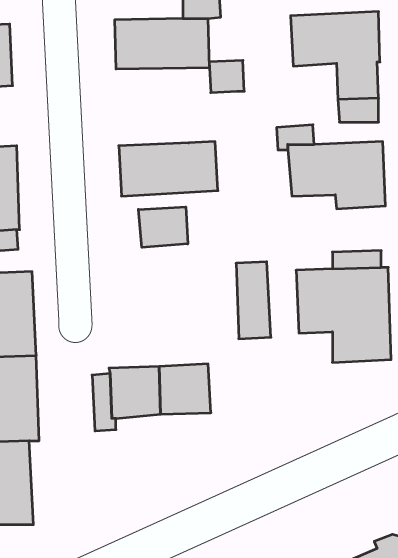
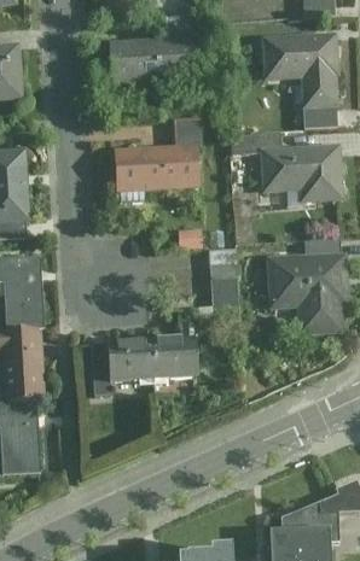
building: [209,60,244,93] -> [173,117,203,145]
building: [138,207,188,247] -> none

